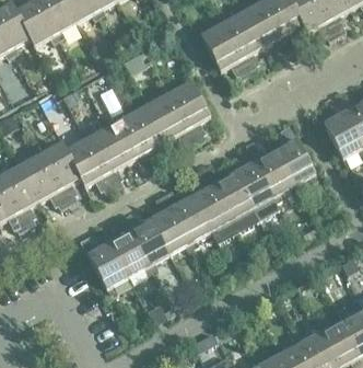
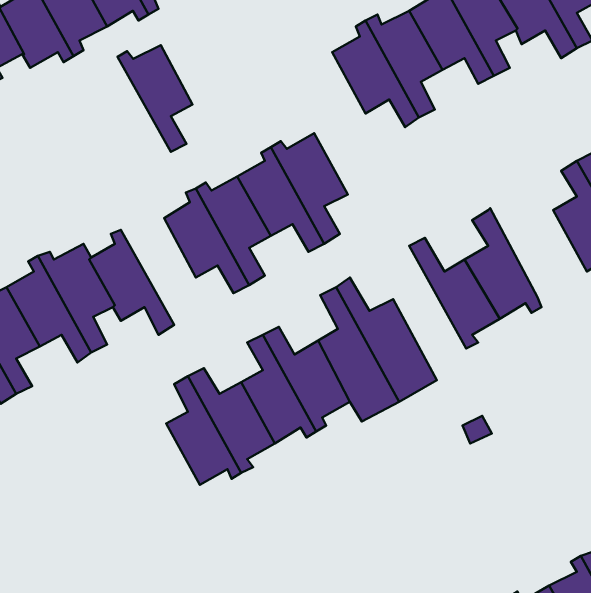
building: [85,127,127,186] -> [117,45,192,152]
building: [236,142,281,217] -> none
building: [80,233,129,291] -> none

